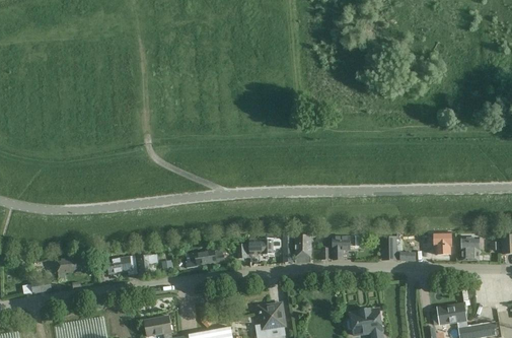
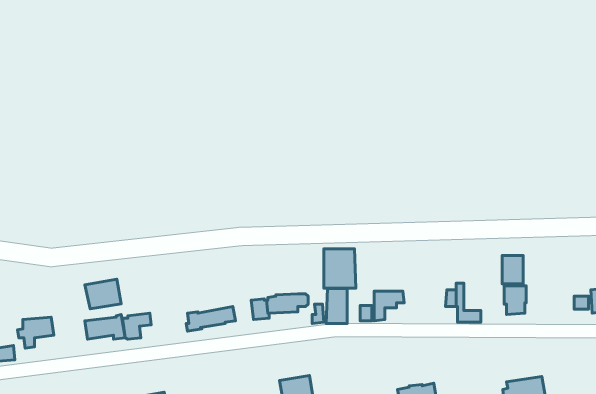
building: none -> [324,249,356,288]
building: none -> [85,279,121,309]
building: [461,240,478,262] -> [502,255,523,284]

